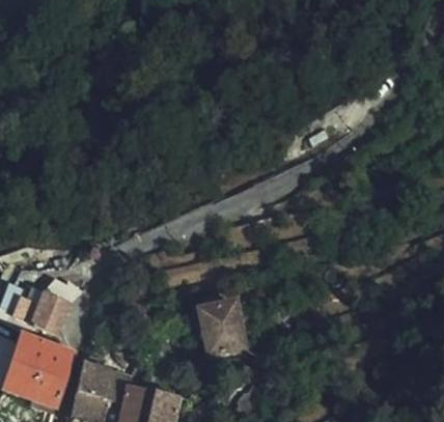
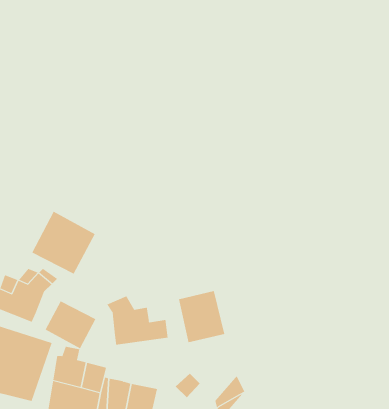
building: none -> [32,211,95,275]
building: none -> [106,296,168,345]
building: none -> [45,300,96,349]

